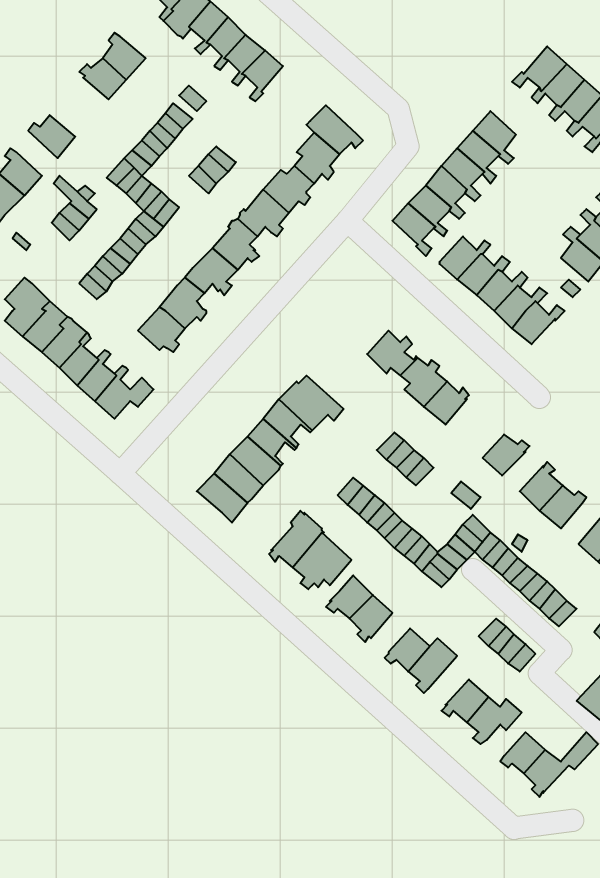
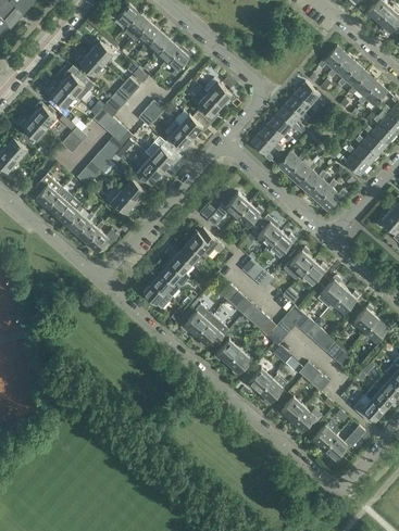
building: none -> [60,67,93,100]
building: none -> [208,193,248,226]
building: none -> [282,248,312,279]

